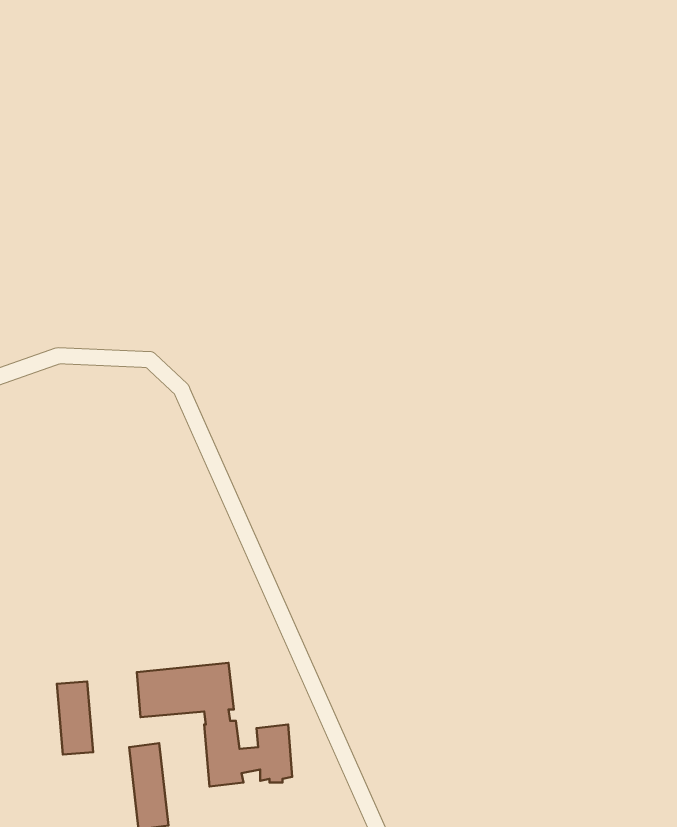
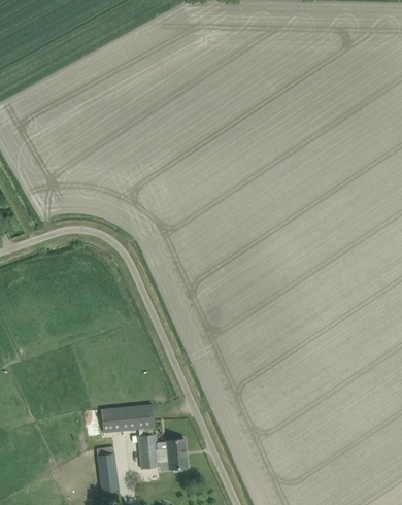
building: [57,682,93,755] -> none

